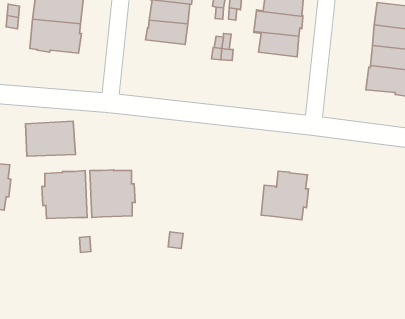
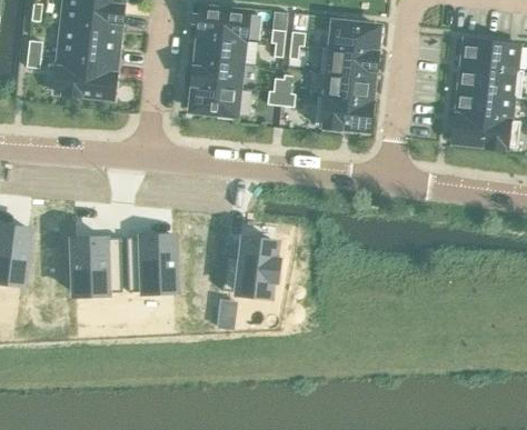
building: none -> [191,81,239,118]
building: none -> [315,94,372,129]
building: [25,121,75,156] -> none
building: [261,171,308,220] -> [223,237,279,294]

